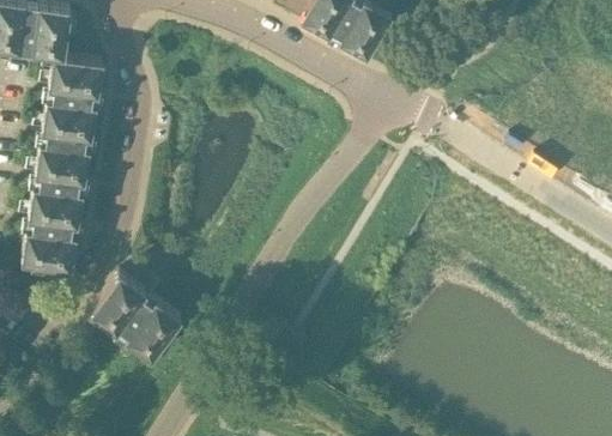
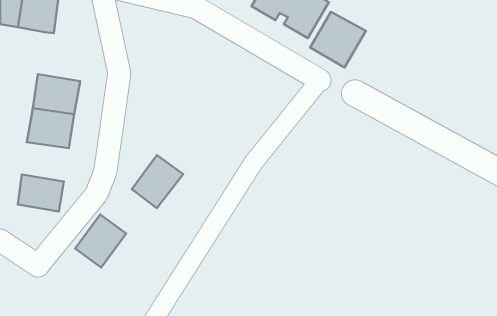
building: none -> [310,12,366,67]
building: [49,54,107,113] -> none
building: [30,186,86,232] -> none
building: [125,295,186,358] -> [132,155,183,208]

